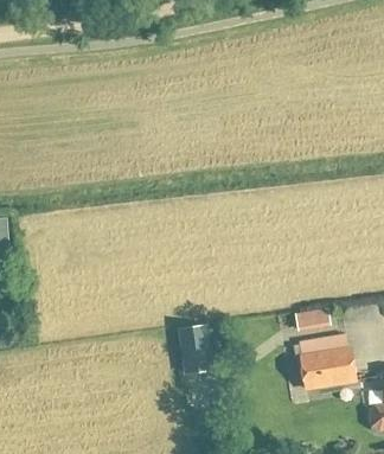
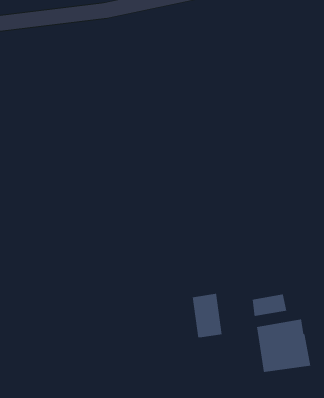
building: [179,325,211,371] -> [192,293,223,338]

